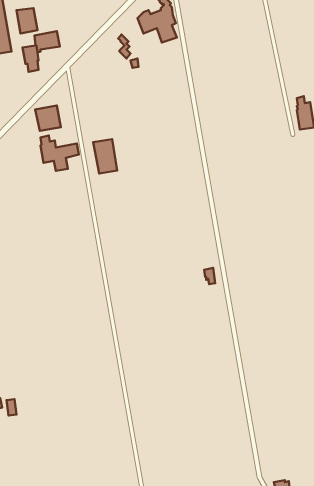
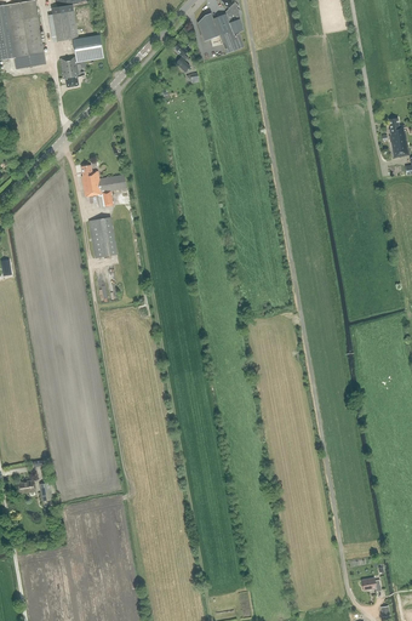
building: [35,106,61,131] -> none
building: [93,139,117,174] -> [87,216,116,257]

